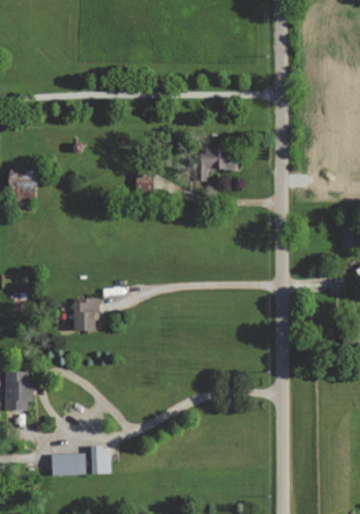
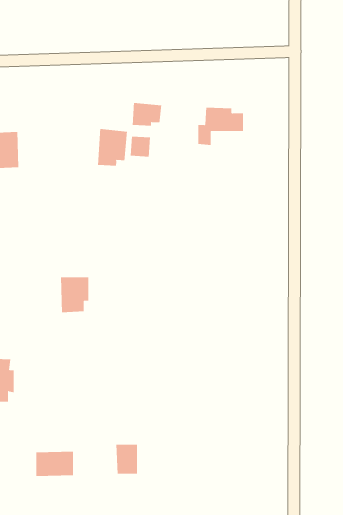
building: none -> [132,102,162,127]
building: none -> [98,128,128,167]
building: [90,447,110,474] -> [116,444,138,474]

